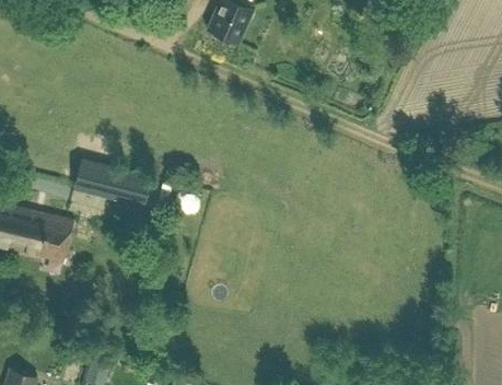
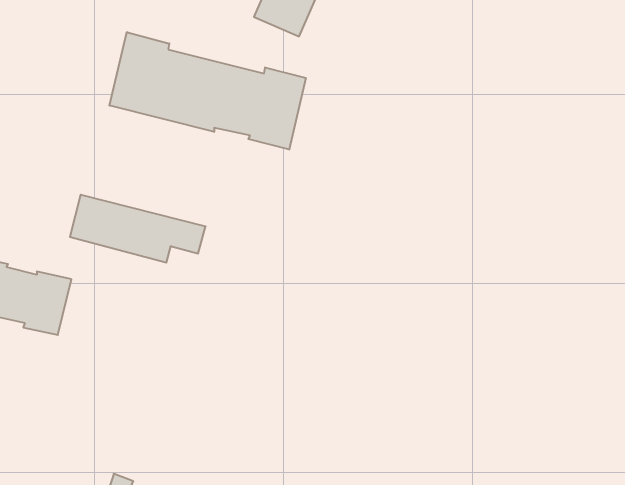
building: none -> [109,32,306,150]

